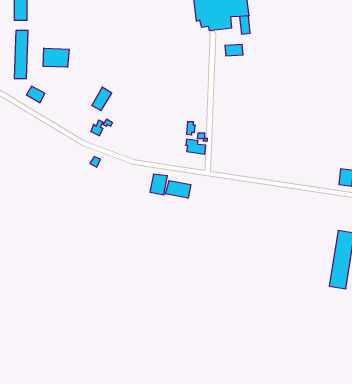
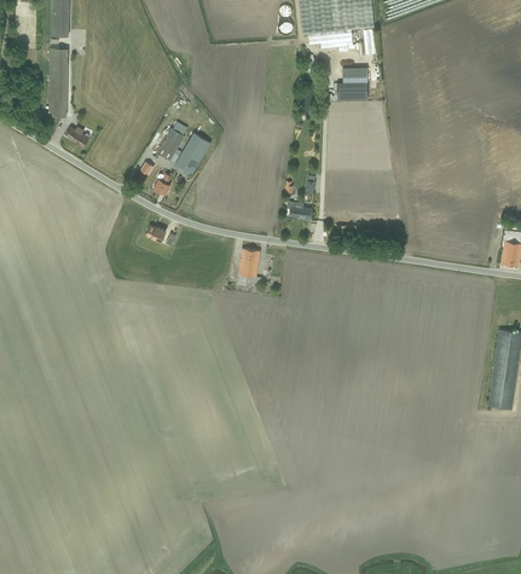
building: [43,48,69,67] -> none
building: none -> [172,129,215,175]
building: [165,181,191,198] -> none

